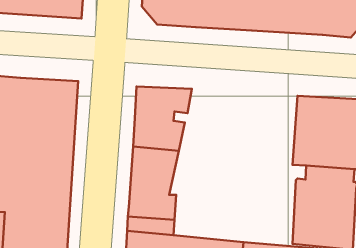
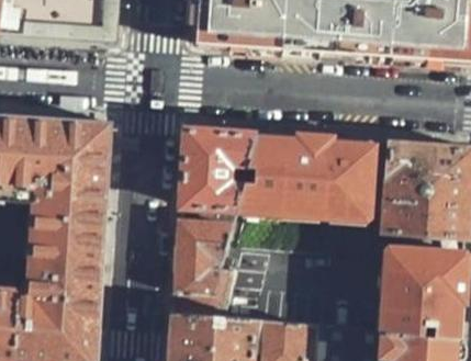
building: none -> [240,133,373,216]

